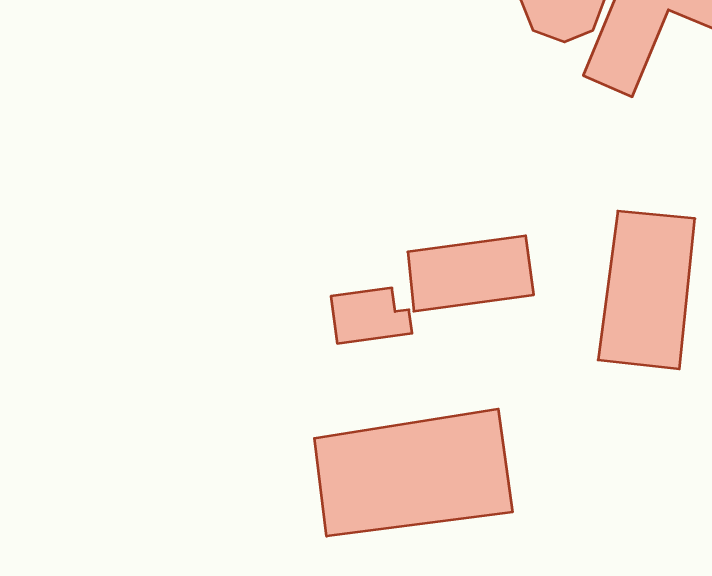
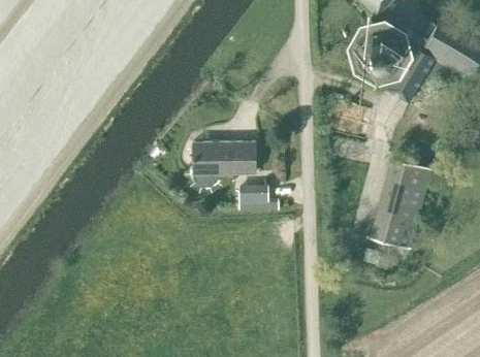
building: [408,236,534,311] -> [191,142,254,173]
building: [314,409,512,536] -> none

